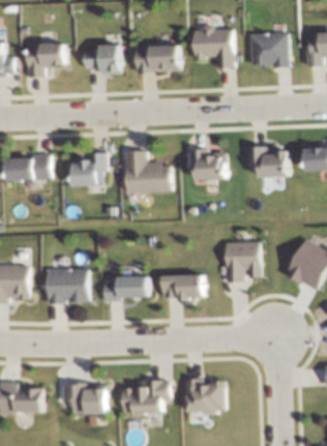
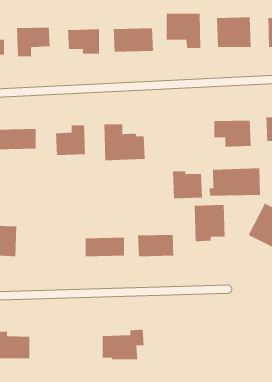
building: [191,149,226,180] -> [172,171,203,199]
building: none -> [209,168,260,197]
building: [44,268,88,302] -> none
building: [183,378,225,413] -> none
building: [61,383,106,413] -> none

